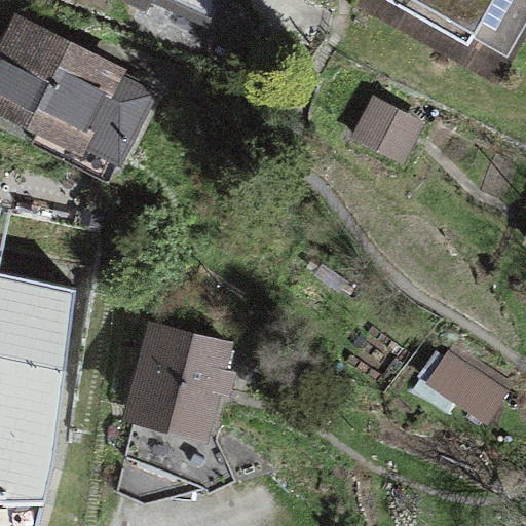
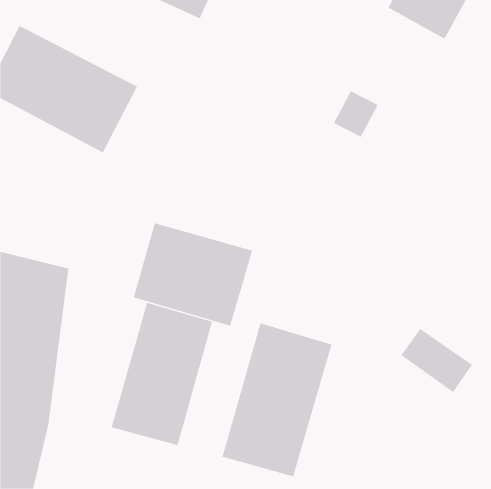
building: none -> [133,222,253,326]
building: none -> [222,323,332,477]

